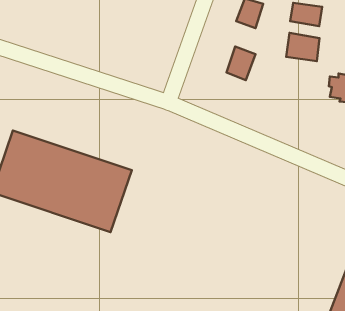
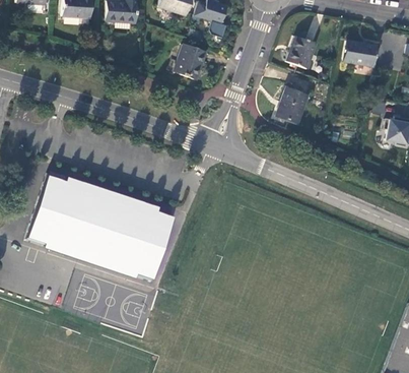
building: none -> [173,43,205,78]
building: [286,33,320,61] -> none

